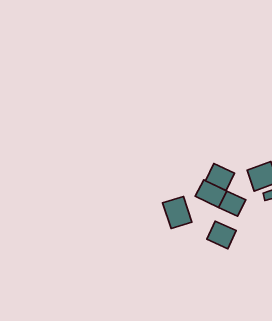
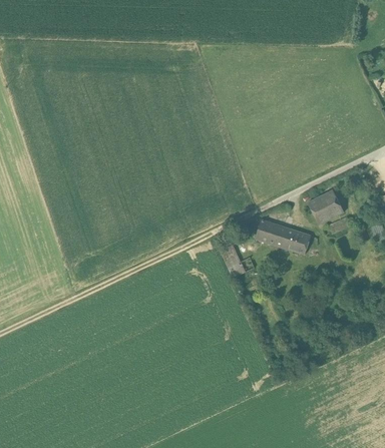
building: [206,164,235,191] -> none
building: [207,221,236,249] -> none

